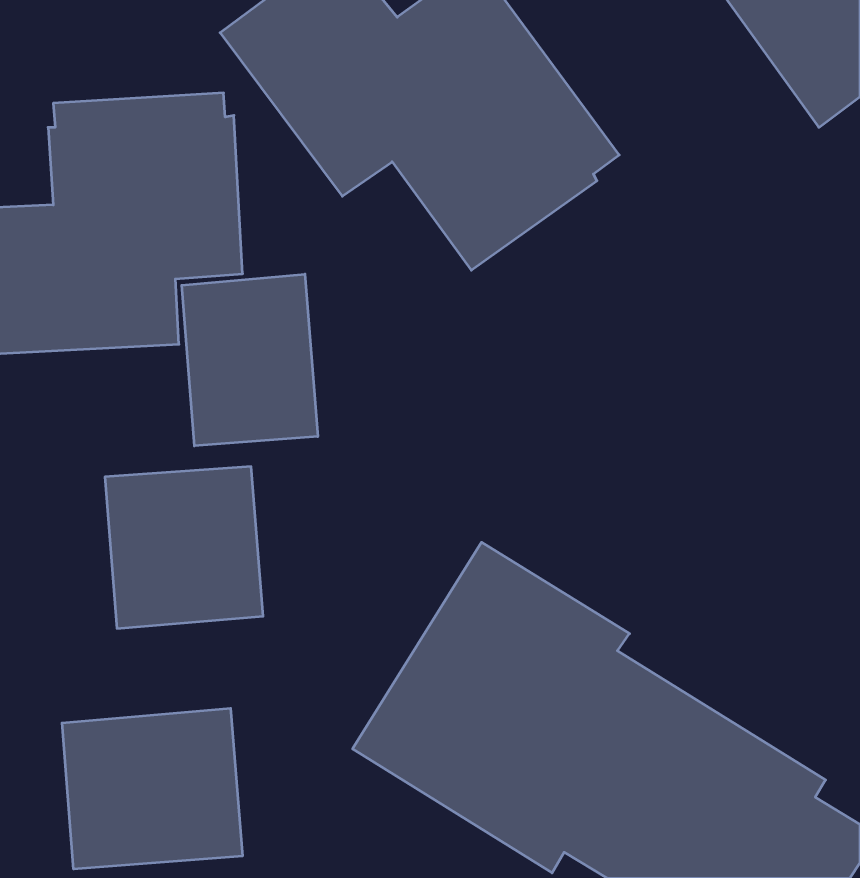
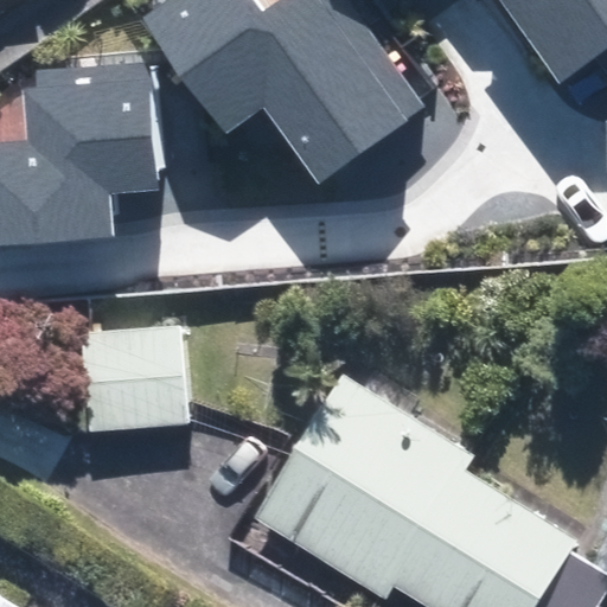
building: [182,274,318,446] -> none
building: [62,708,242,869] -> none

